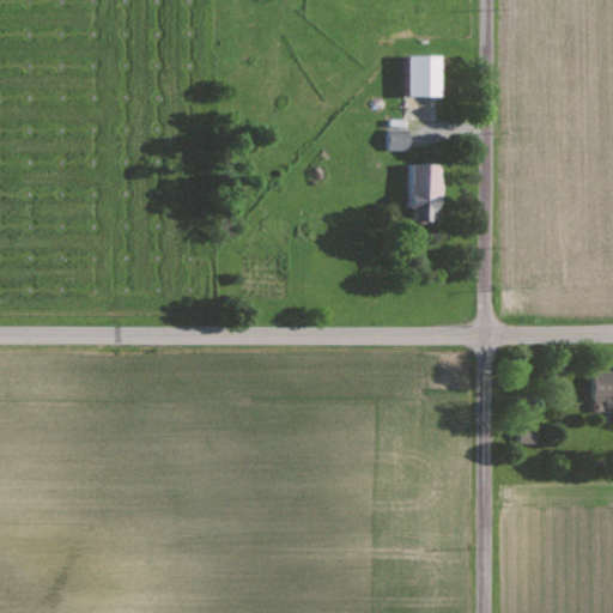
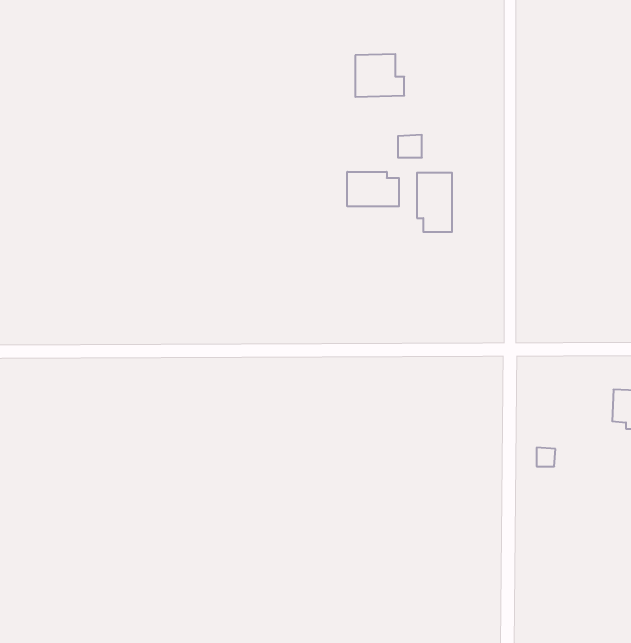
building: [406,55,453,96] -> [355,54,404,97]
building: none -> [347,172,399,206]

